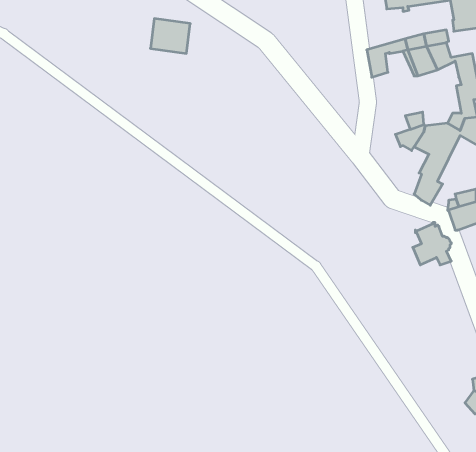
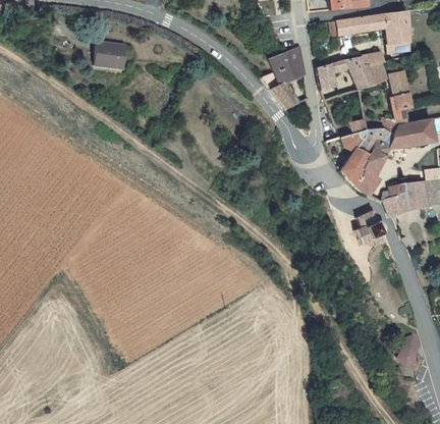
building: [150,19,190,53] -> [95,41,127,69]
building: none -> [262,47,306,109]
building: none -> [340,148,368,187]

